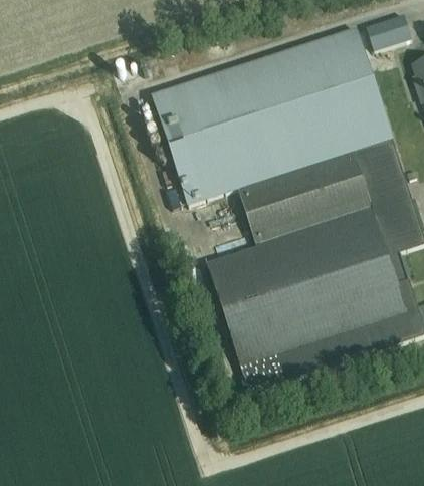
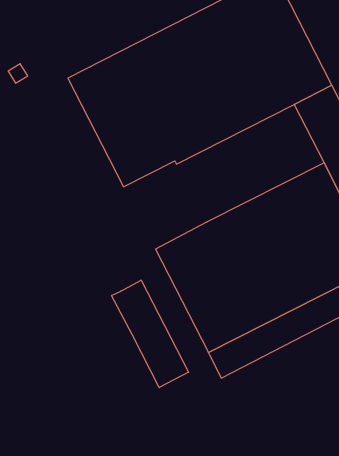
building: [238,150,373,244] -> none
building: none -> [112,280,189,388]

